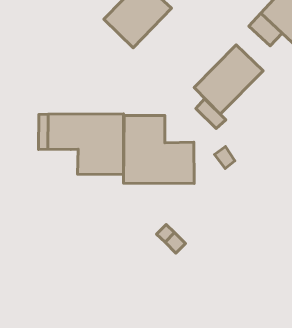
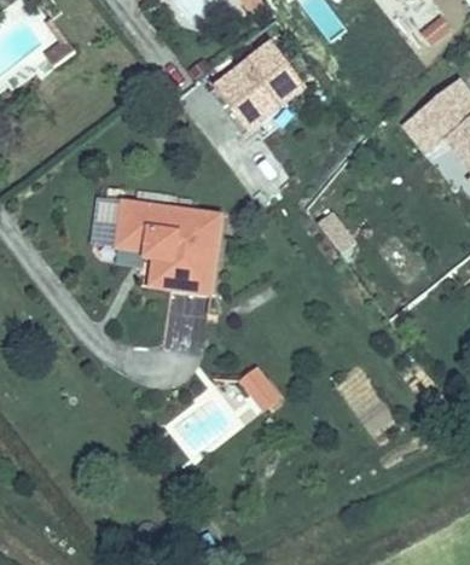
building: [194,45,263,114] -> none
building: [123,115,194,183] -> none

